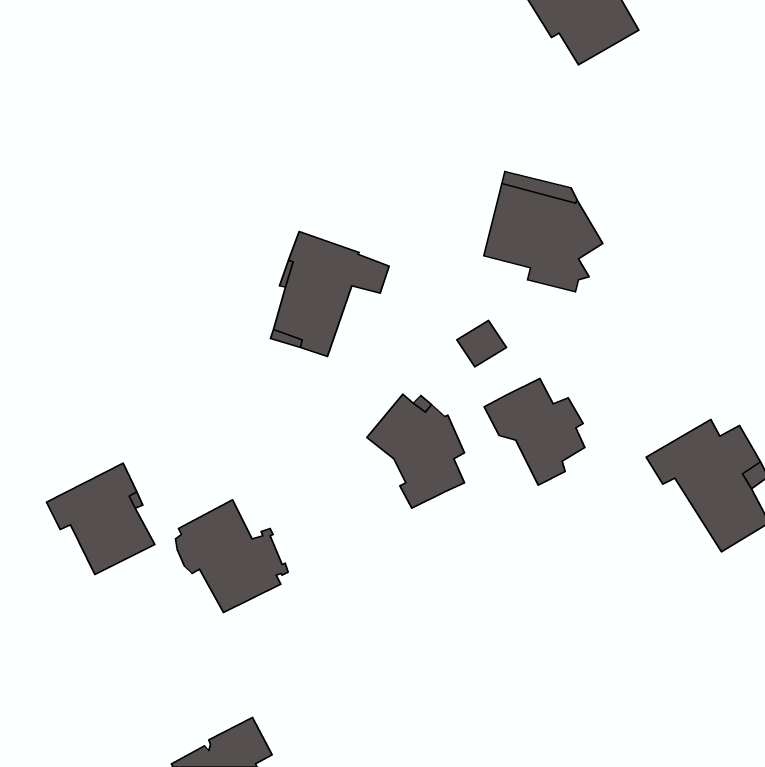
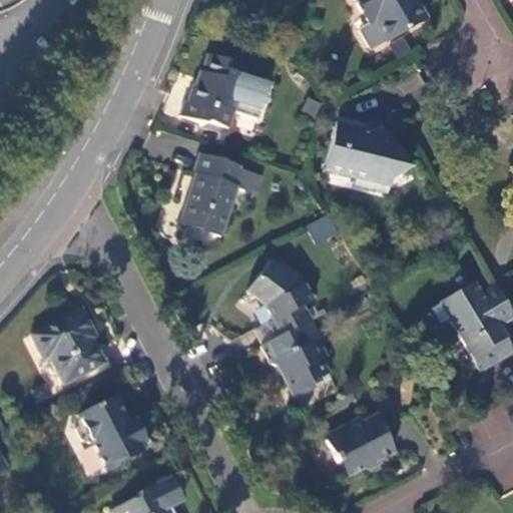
building: none -> [179,56,269,129]
building: [484,378,585,485] -> [262,328,329,399]
building: [176,500,288,613] -> [76,396,151,471]
building: none -> [326,413,393,476]

